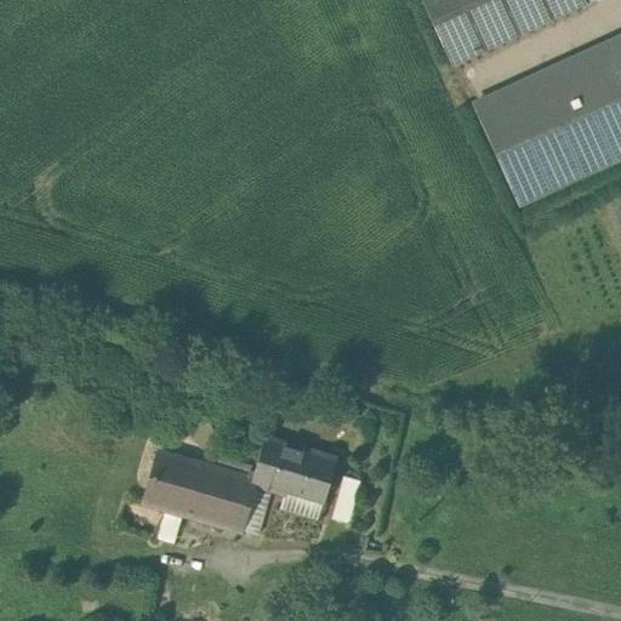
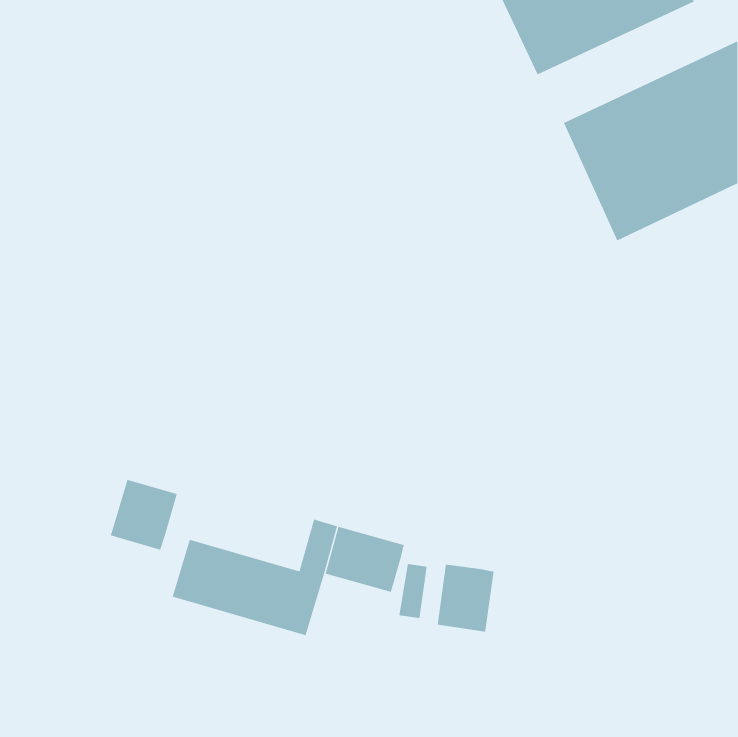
building: none -> [110,479,177,550]
building: none -> [437,564,494,632]

